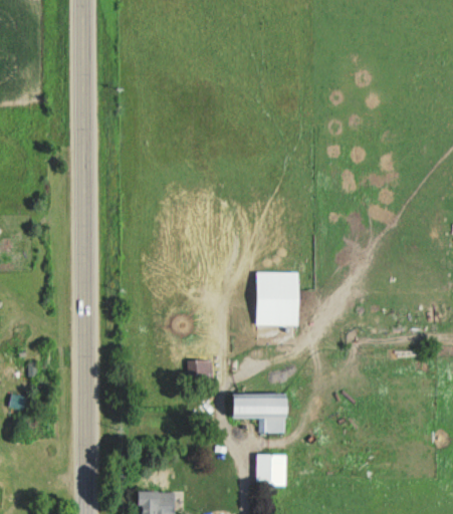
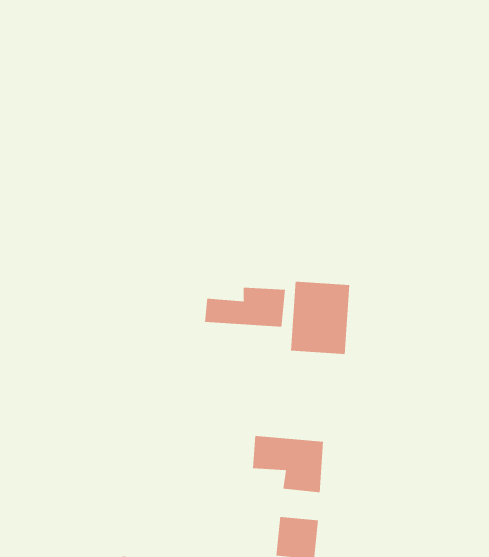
building: none -> [204,287,285,328]
building: [187,361,212,380] -> none

